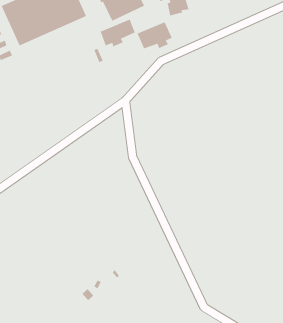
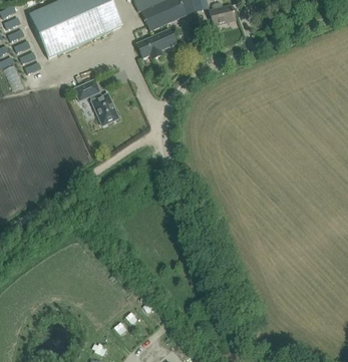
building: [137,21,173,49] -> none
building: none -> [73,79,118,125]

